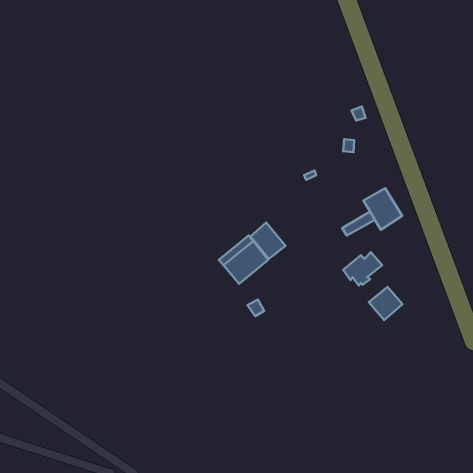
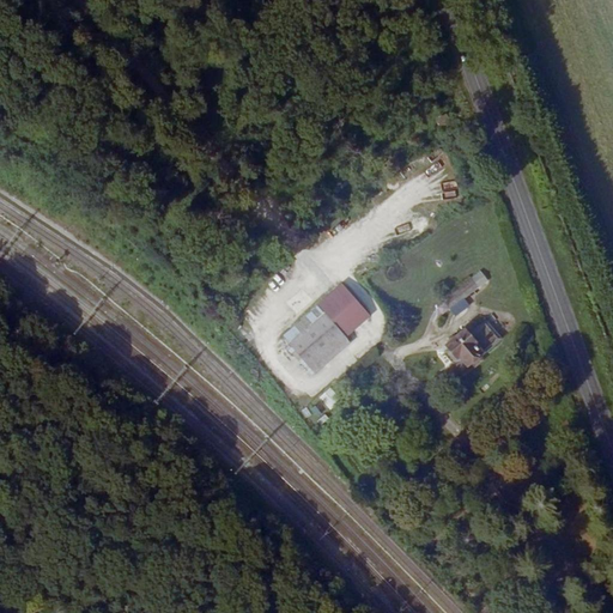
building: [364,188,402,230] -> none
building: [369,287,402,320] -> none

